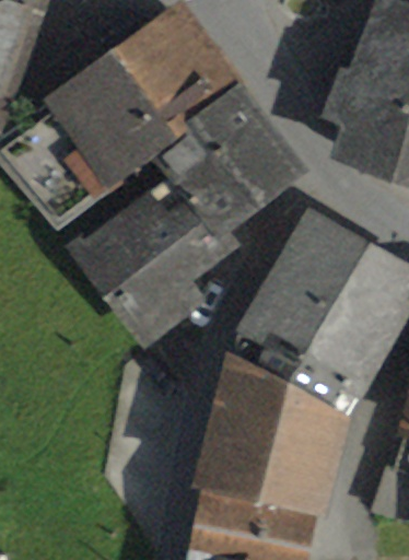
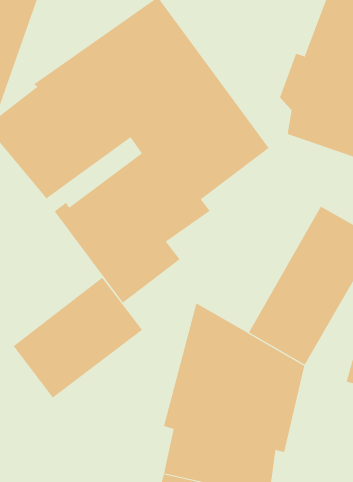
building: [226,206,367,382] -> none
building: none -> [13,277,143,398]

